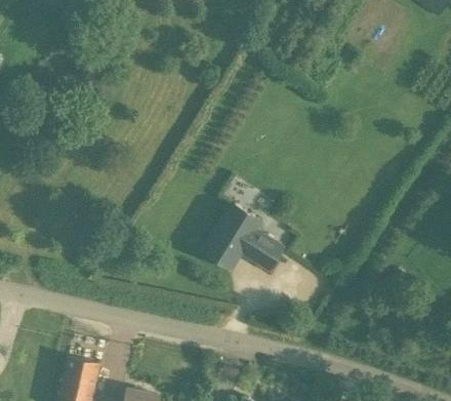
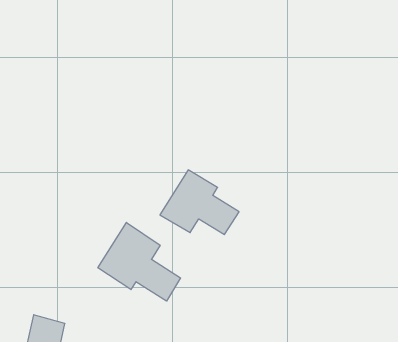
building: none -> [98,222,181,301]

